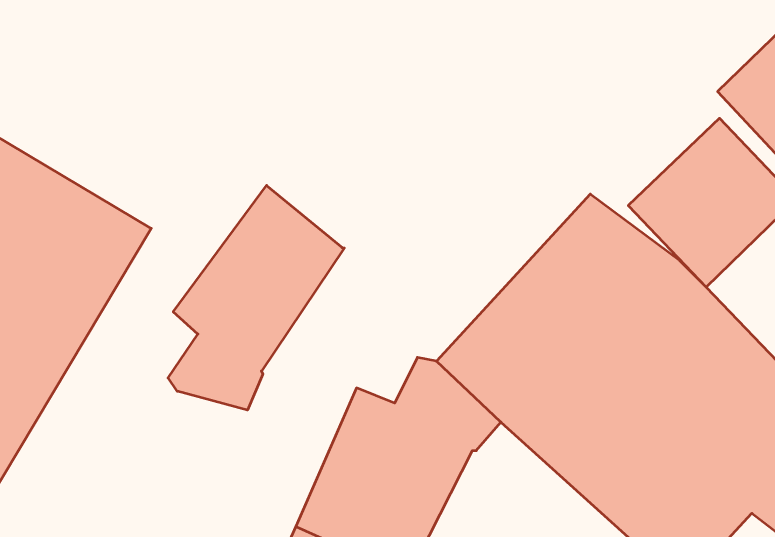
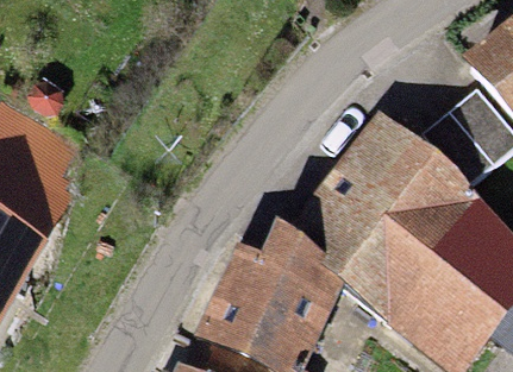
building: [168,185,344,410] -> none

